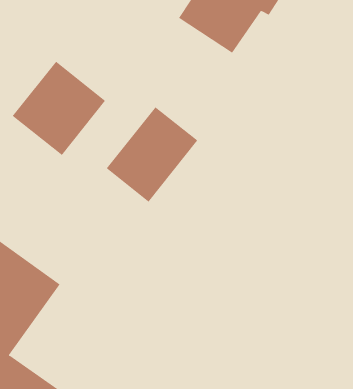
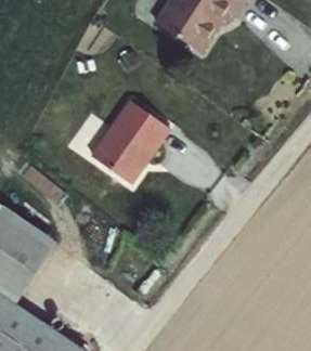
building: [12,61,106,156] -> none

